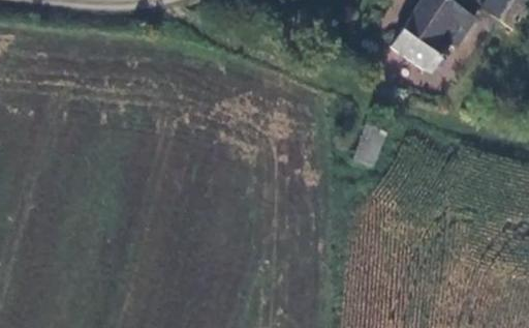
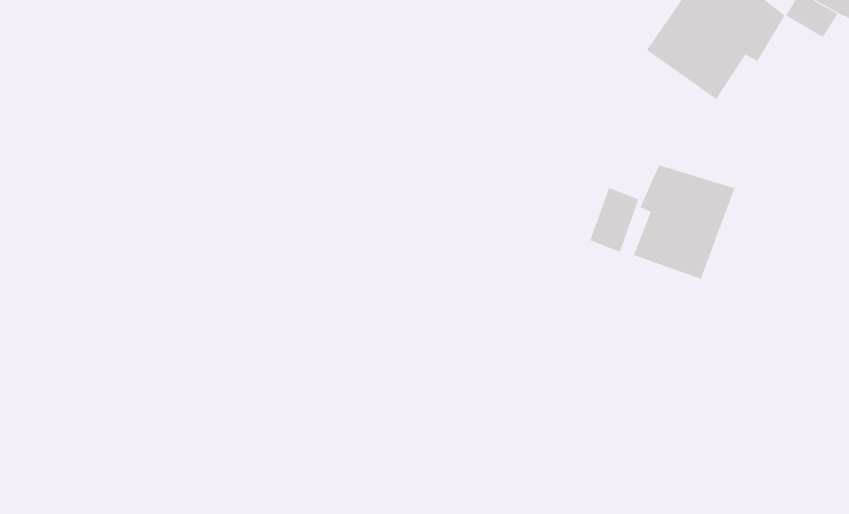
building: none -> [633,165,735,280]

